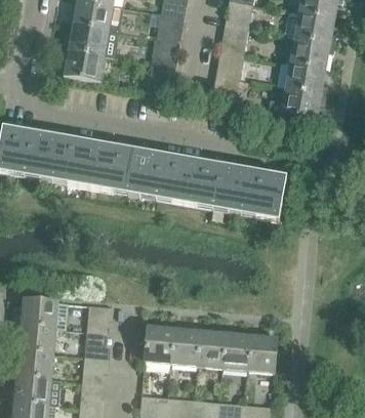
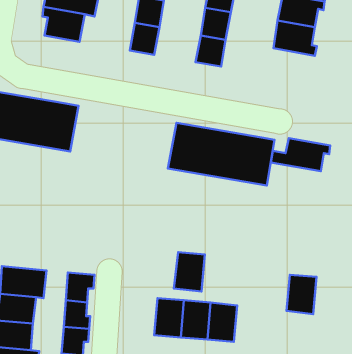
building: [268,86,325,118] -> [271,138,330,171]
building: [89,141,192,202] -> none
building: [144,325,173,363] -> [174,252,205,292]
building: [247,334,276,372] -> [287,275,316,314]

